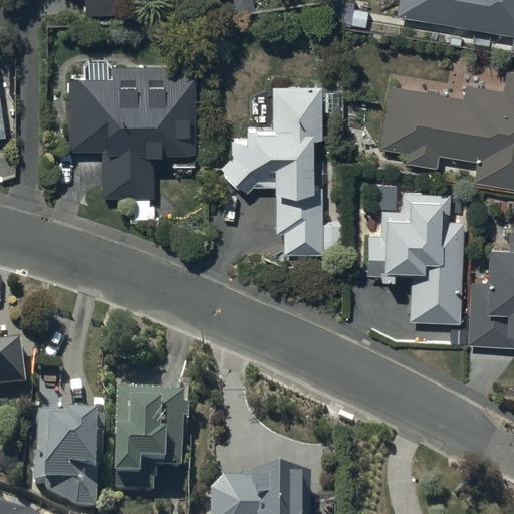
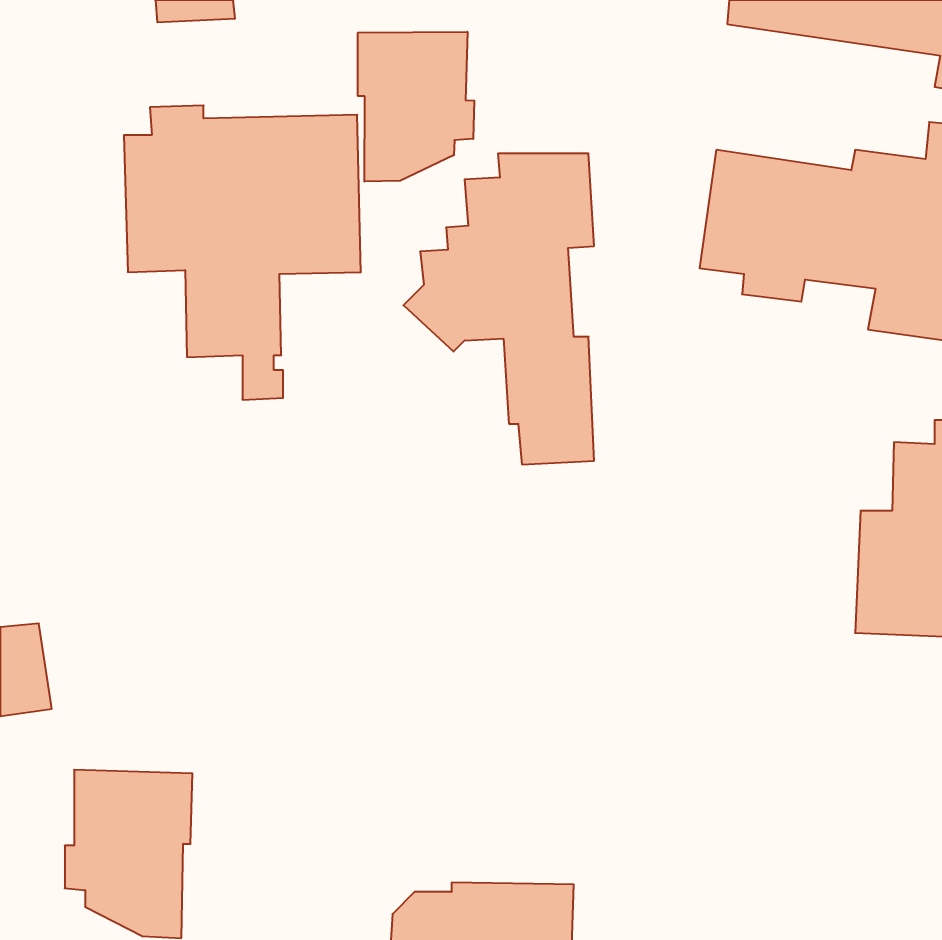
building: none -> [358,32,474,182]
building: [366,193,461,321] -> none
building: [118,397,191,496] -> none

